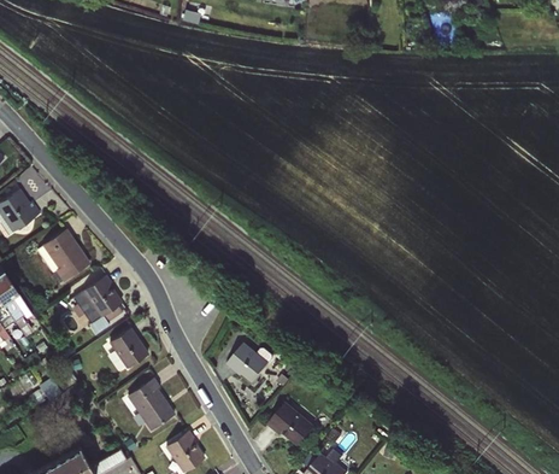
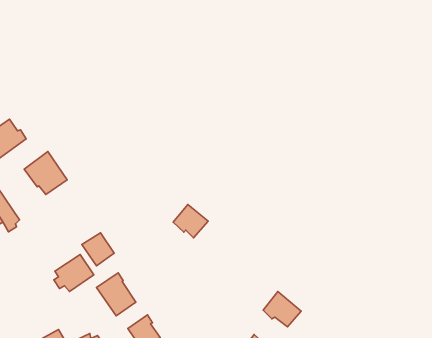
building: [71,276,120,322] -> [54,254,94,292]
building: [226,343,270,384] -> [173,205,208,238]
building: [267,402,314,445] -> [263,292,301,327]

